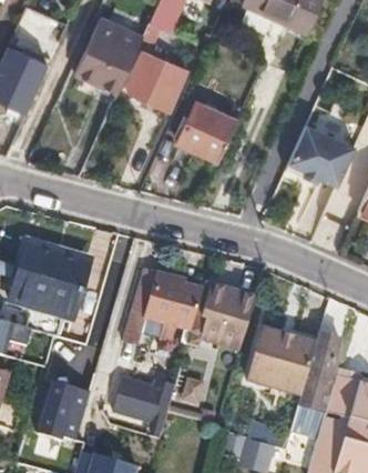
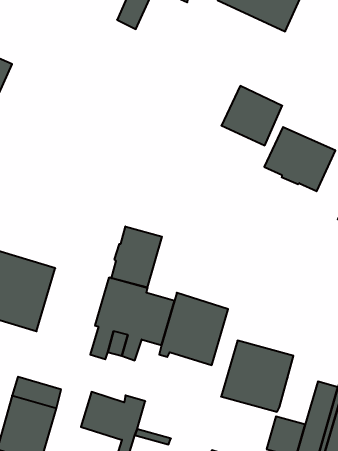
building: [74,14,143,92] -> none
building: [124,51,186,109] -> none
building: [180,104,237,161] -> [221,86,282,145]
building: none -> [111,226,162,288]
building: [299,331,346,407] -> none

